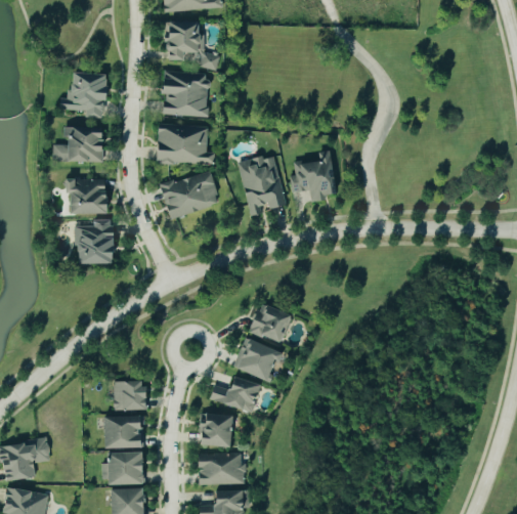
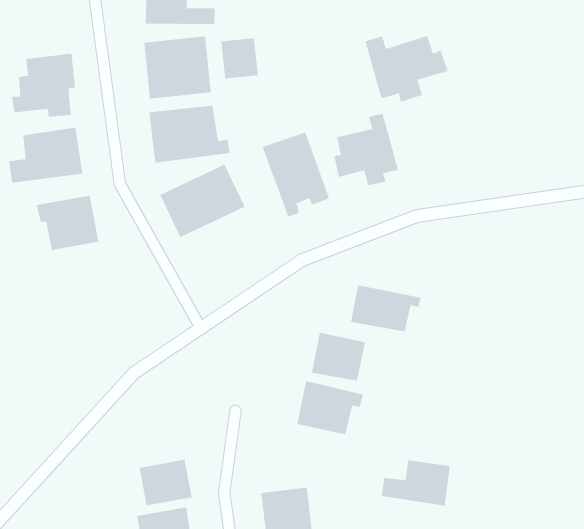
building: none -> [221,38,258,79]
building: none -> [365,35,449,103]
building: [74,219,115,264] -> none
building: none -> [351,284,421,332]
building: [207,376,261,414] -> [381,460,451,506]

